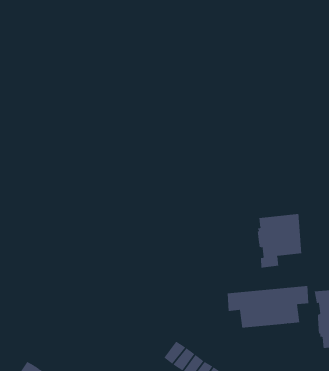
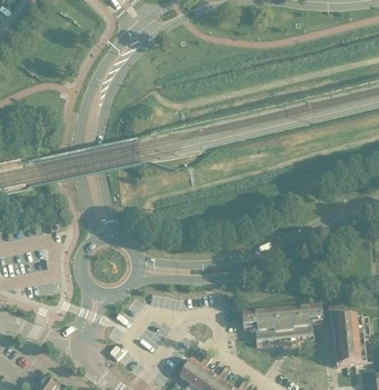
building: [257,213,302,269] -> none

